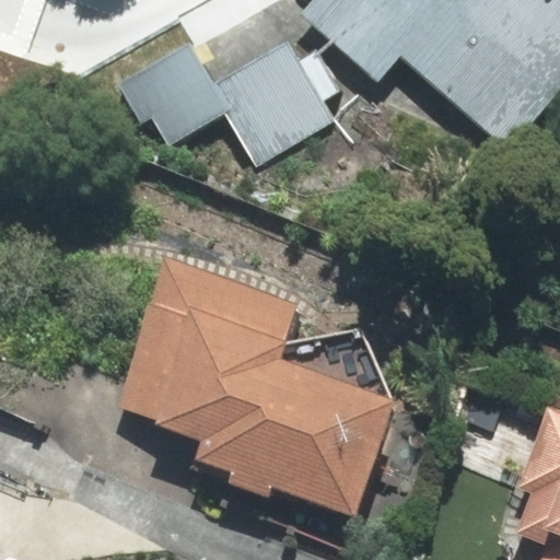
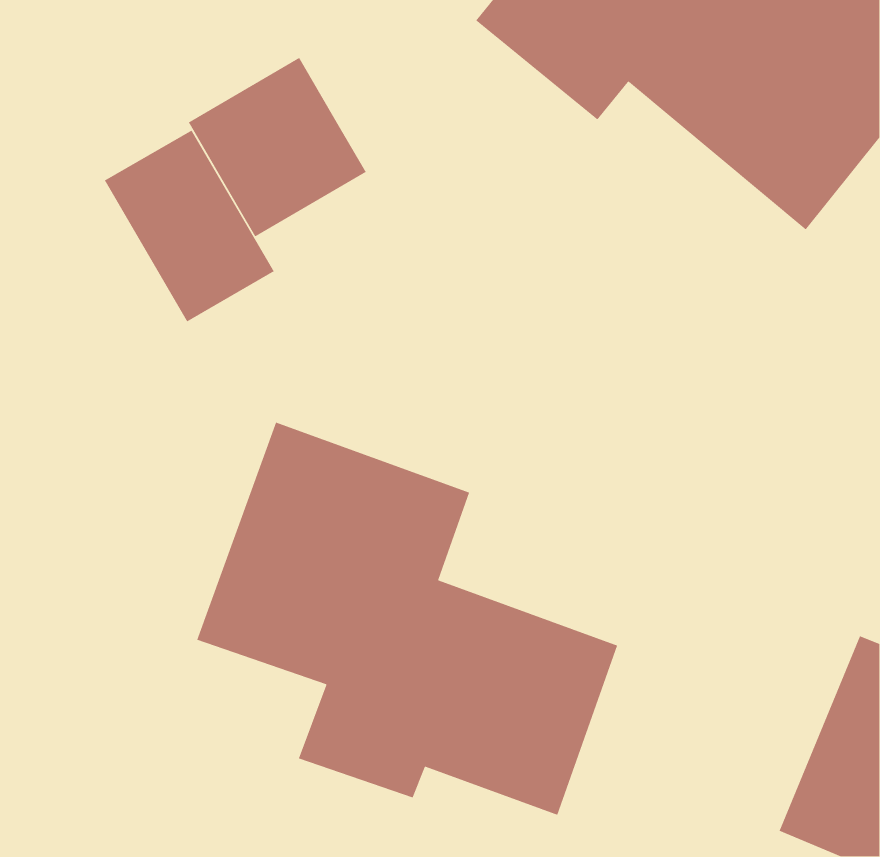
building: [214,35,342,155] -> none
building: none -> [104,129,275,322]

